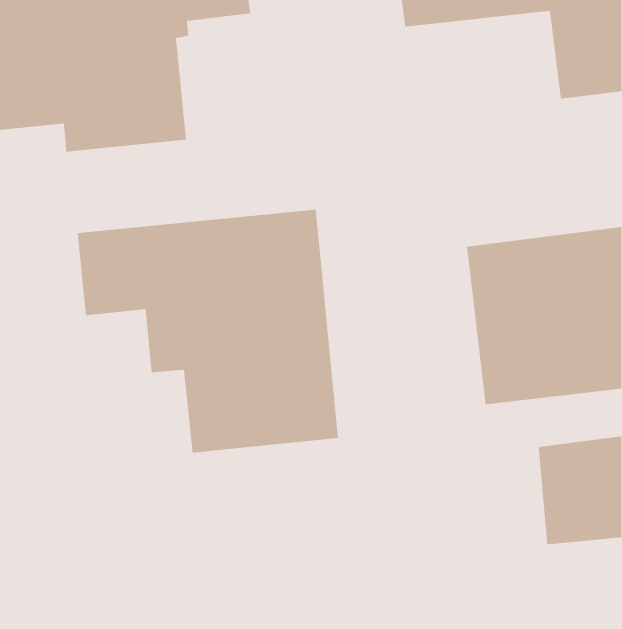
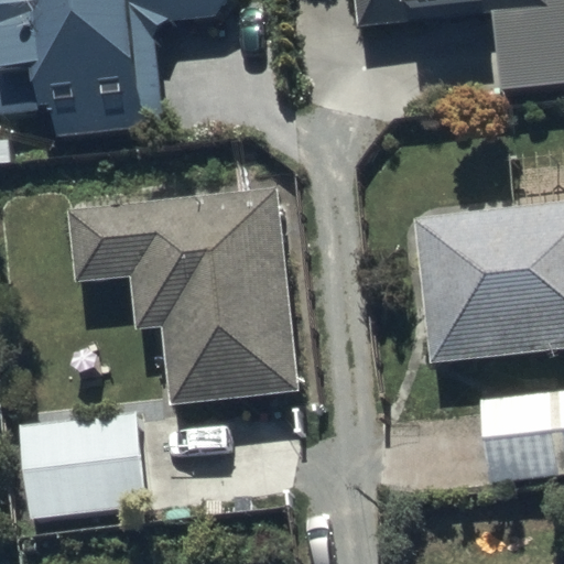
building: none -> [19,412,147,521]

